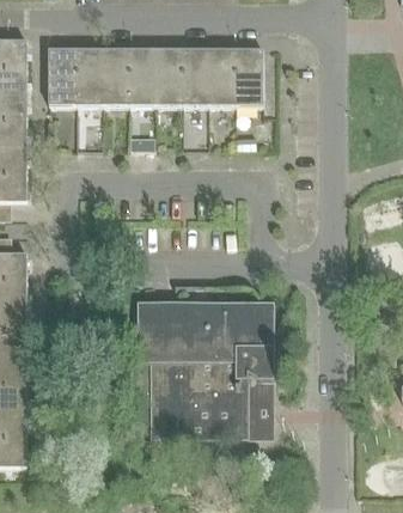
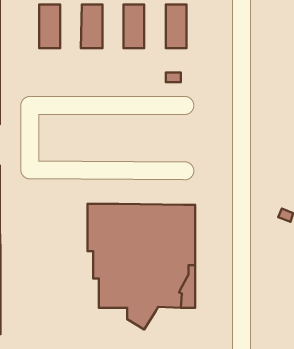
building: [49,48,75,103] -> none
building: [102,48,129,103] -> none
building: [155,48,182,103] -> none
building: [208,48,236,103] -> none

